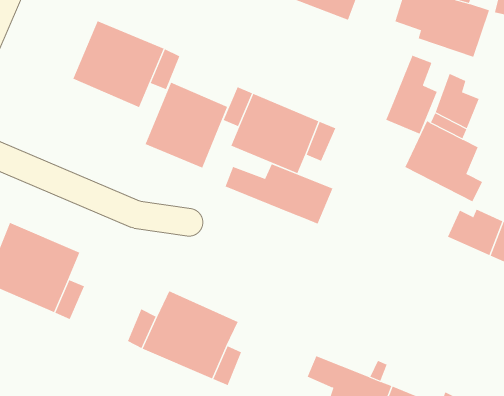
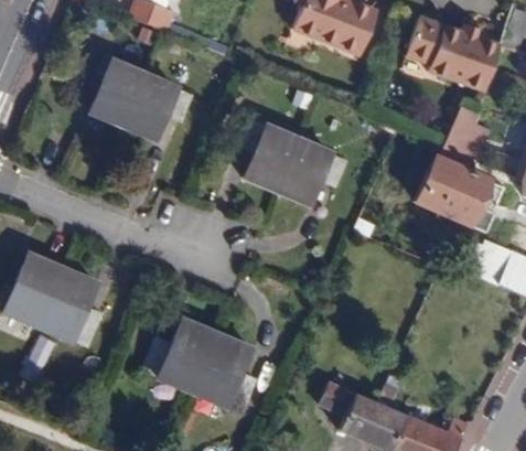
building: [386,55,438,135] -> none
building: [145,82,228,169] -> none
building: [225,163,333,224] -> none

